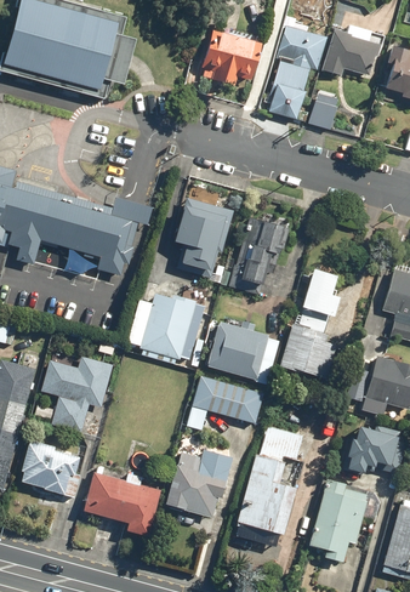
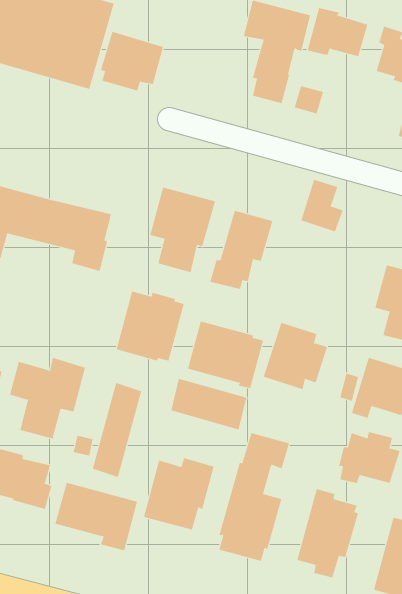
building: [200,30,260,86] -> [100,31,164,91]
building: [303,268,343,318] -> [300,179,343,232]
building: none -> [92,382,142,478]

